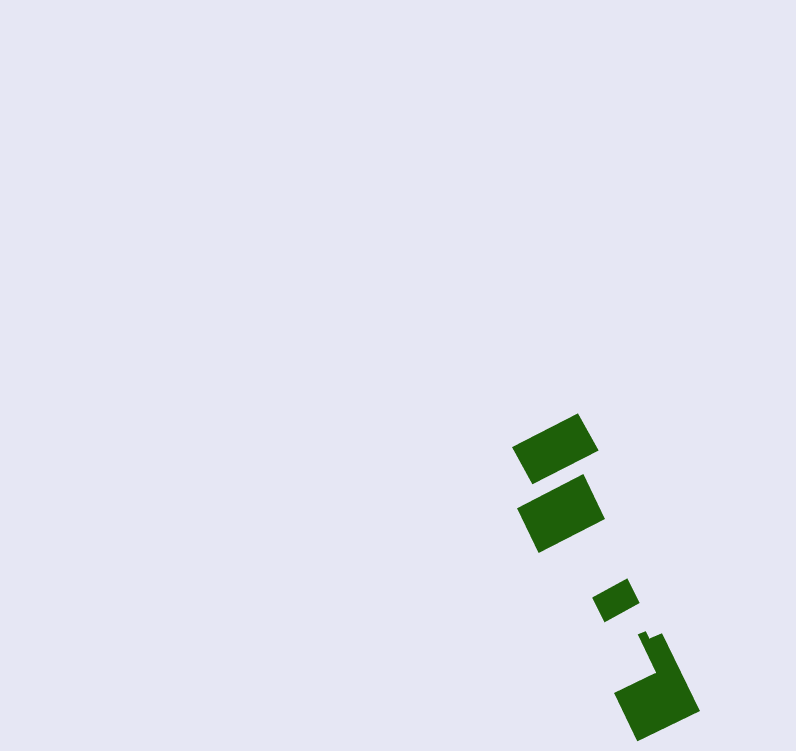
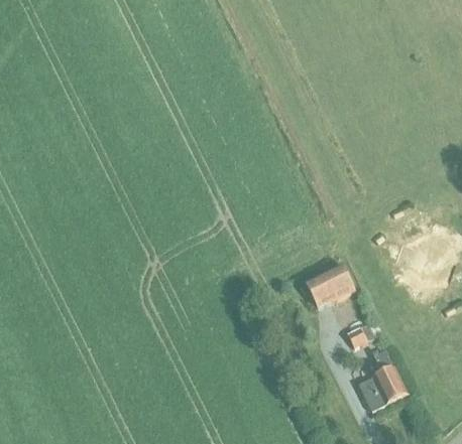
building: [511,412,599,485] -> none

